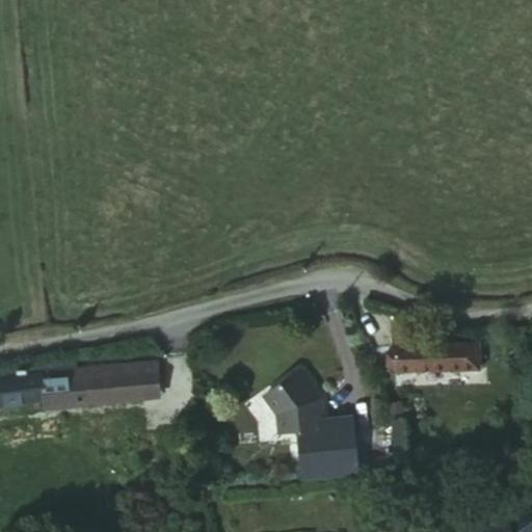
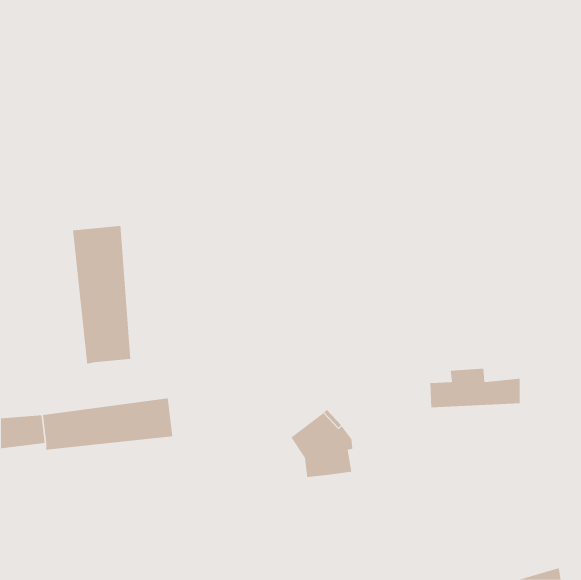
building: none -> [72,225,131,364]
building: [300,427,357,475] -> none

